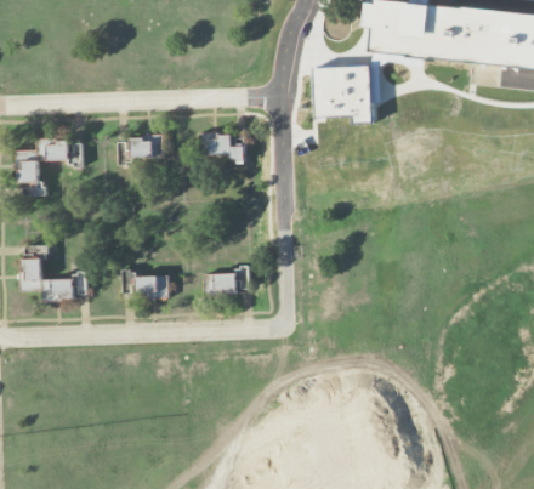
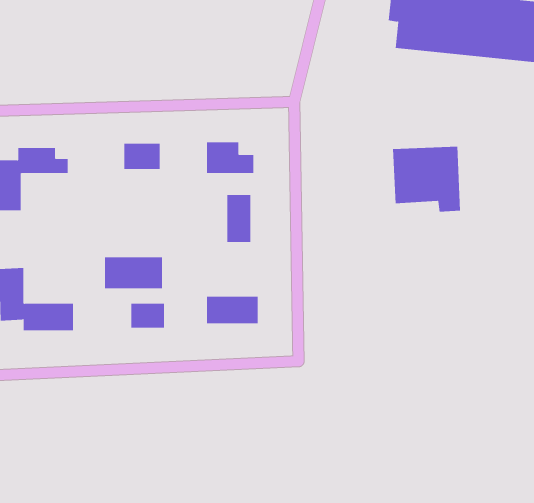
building: [314,64,375,123] -> [392,146,461,212]
building: none -> [227,194,251,243]
building: none -> [105,257,162,289]

